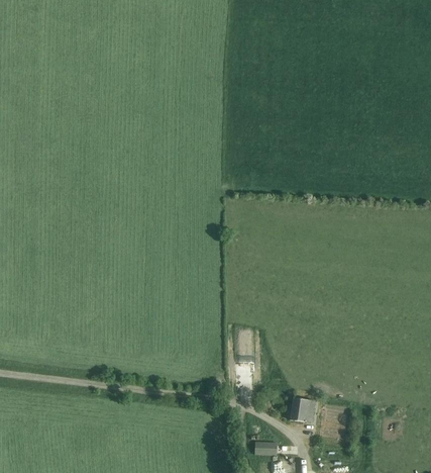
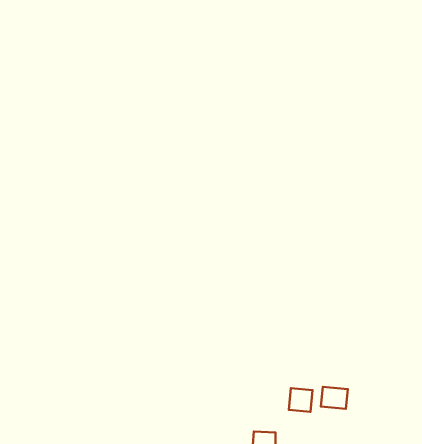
building: none -> [321,387,348,409]

